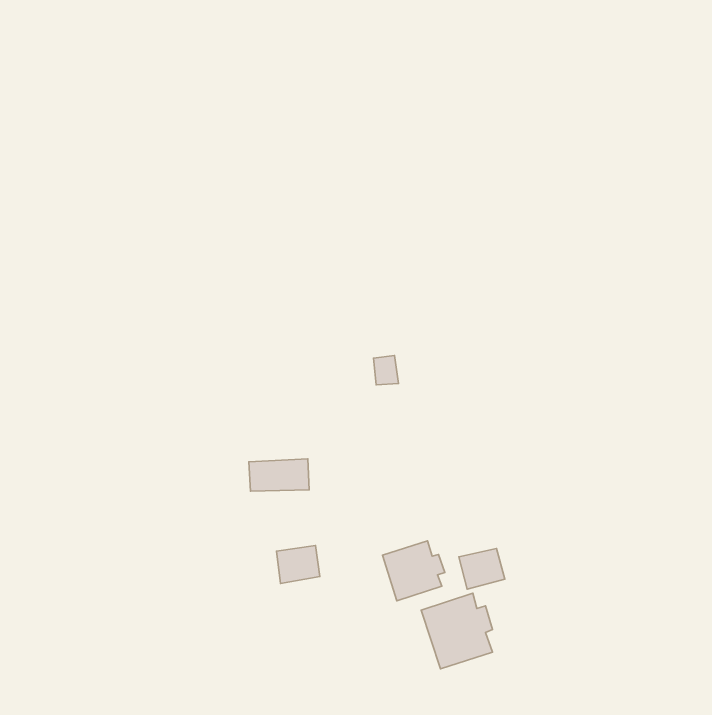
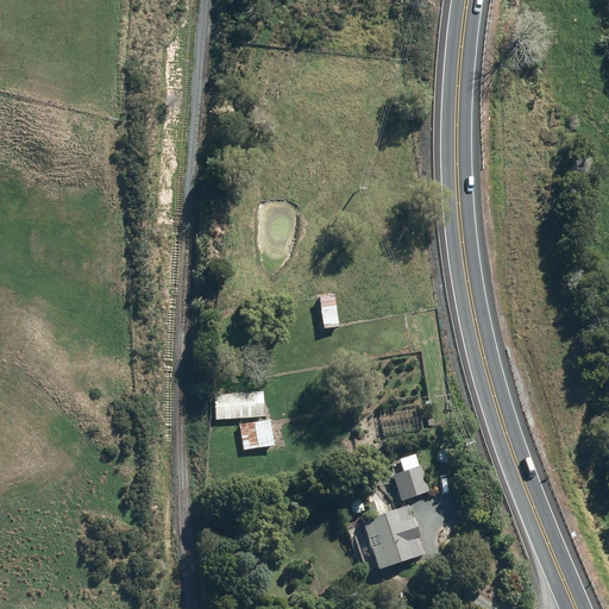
building: [383,541,445,601] -> none
building: [276,546,320,583] -> [239,419,276,451]

